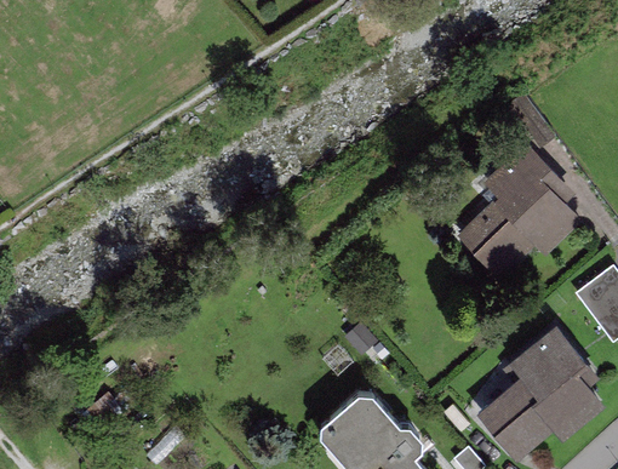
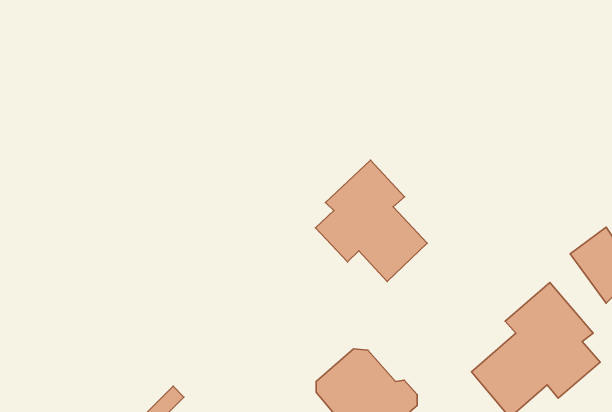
building: [456,142,580,290] -> none
building: none -> [315,160,427,281]

